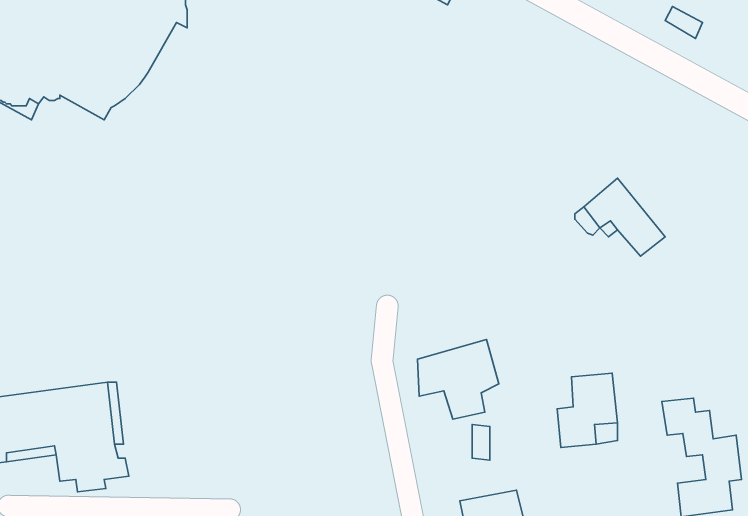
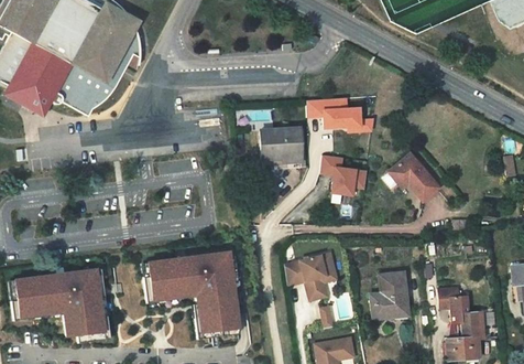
building: none -> [306,95,370,129]
building: none -> [259,126,299,157]
building: none -> [320,153,369,194]
building: none -> [140,253,234,341]

